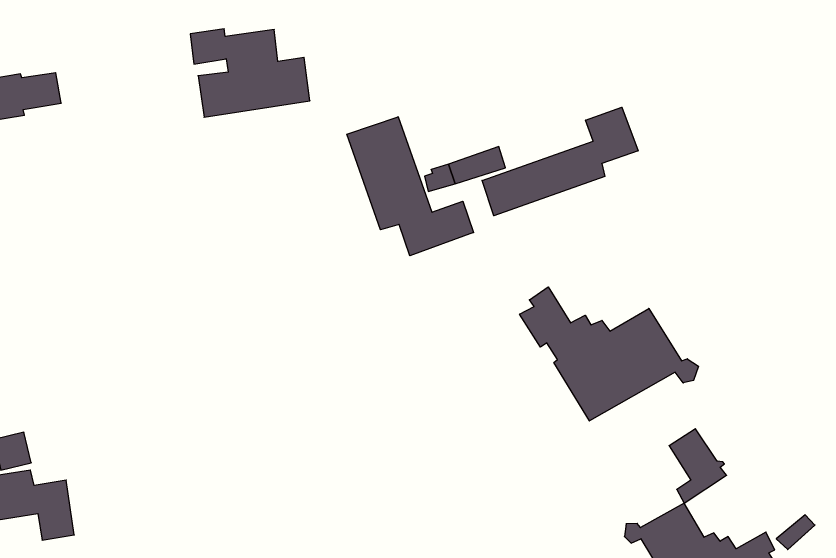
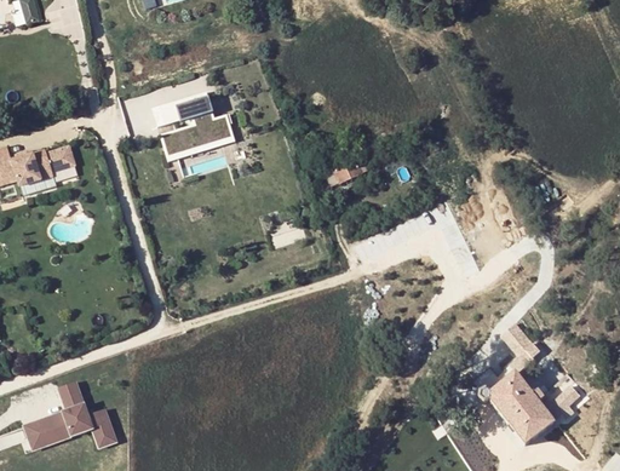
building: [482,107,638,216] -> none
building: [347,117,474,256] -> none
building: [520,287,699,421] -> none

